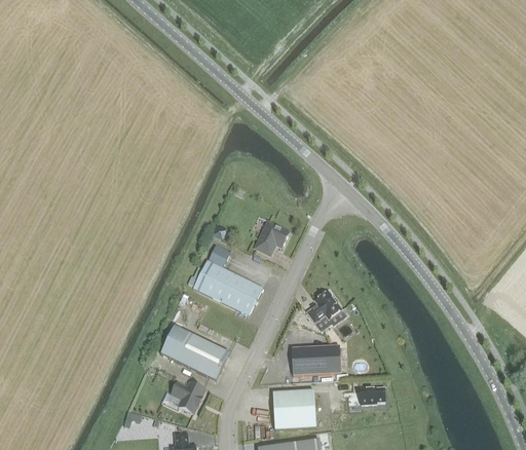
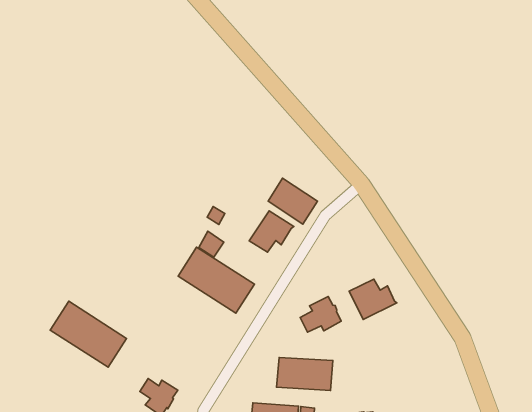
building: none -> [268,178,317,224]
building: none -> [349,279,397,319]
building: [160,326,229,380] -> [50,301,127,367]

